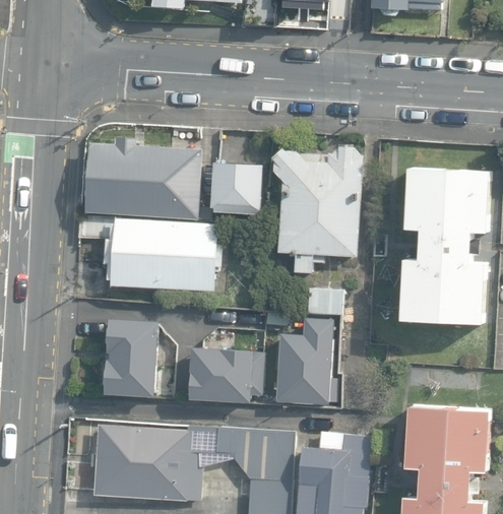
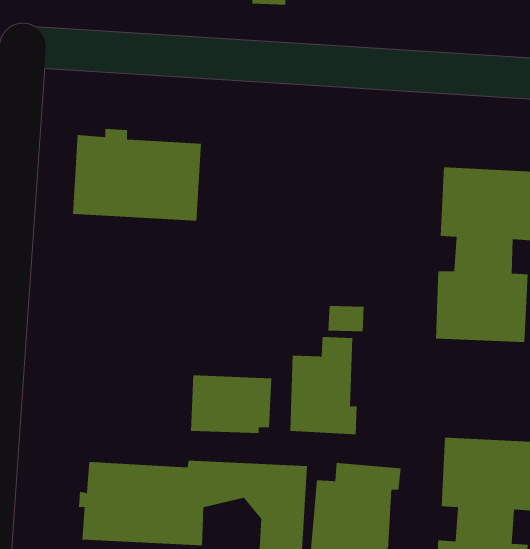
building: [273,145,363,272] -> none
building: [209,159,261,210] -> none
building: [74,214,219,287] -> none
building: [102,319,156,397] -> none

